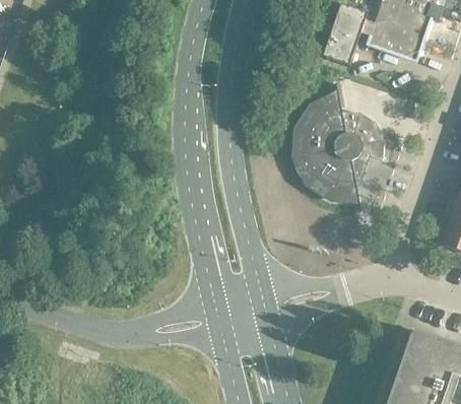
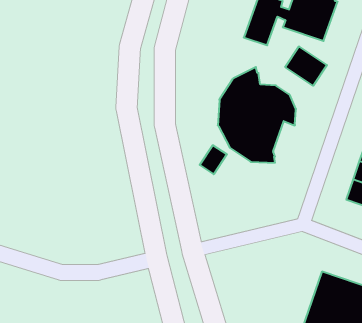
building: none -> [285,46,327,86]
building: none -> [200,145,227,174]

